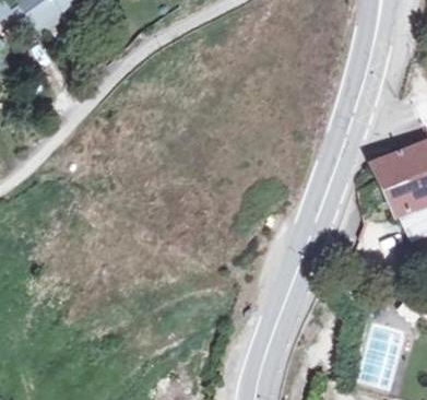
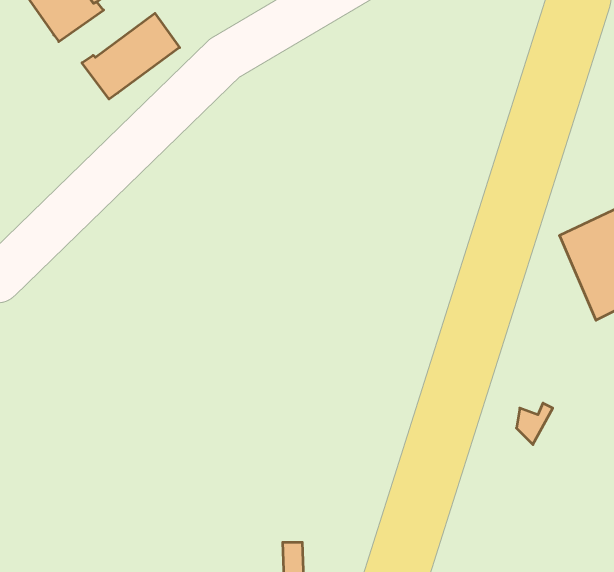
building: none -> [82,13,180,99]

